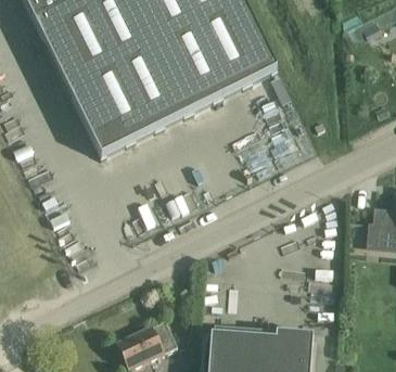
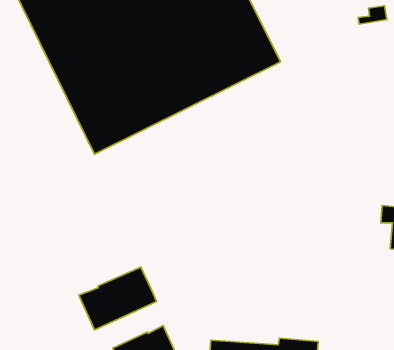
building: none -> [79,267,156,330]

